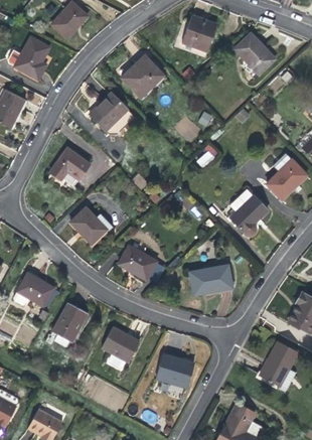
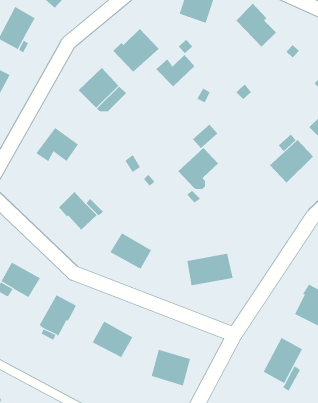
building: none -> [156,54,195,87]
building: [229,194,268,234] -> [177,147,219,190]

